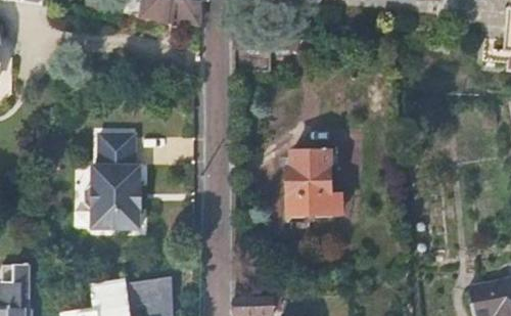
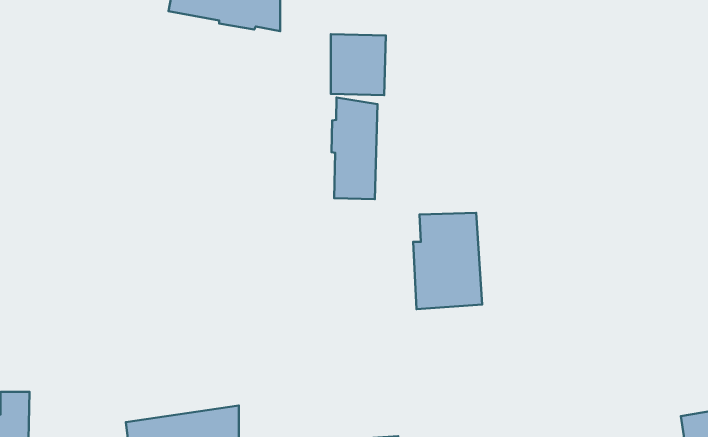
building: none -> [331,98,377,199]
building: [84,137,143,232] -> none

